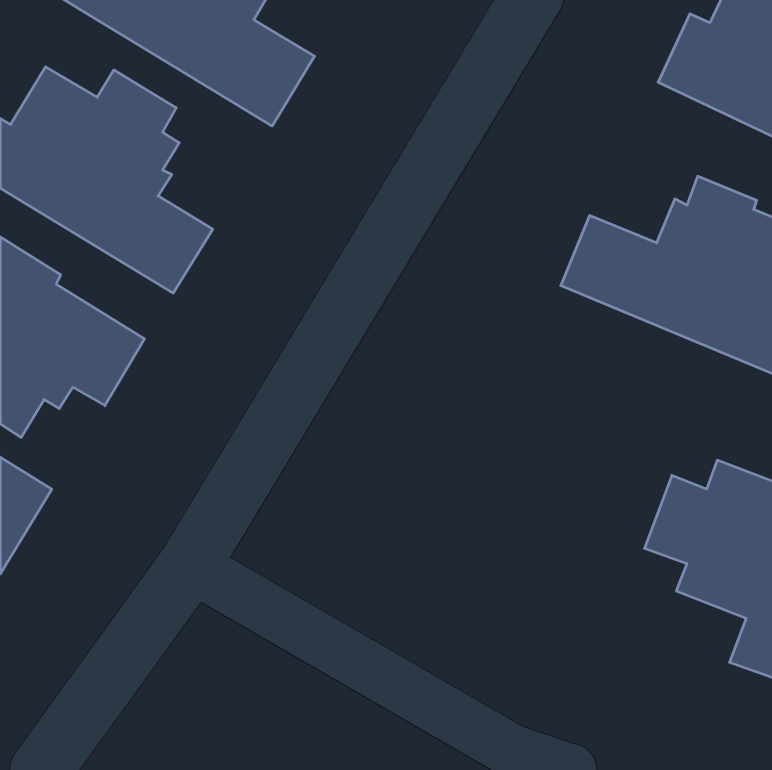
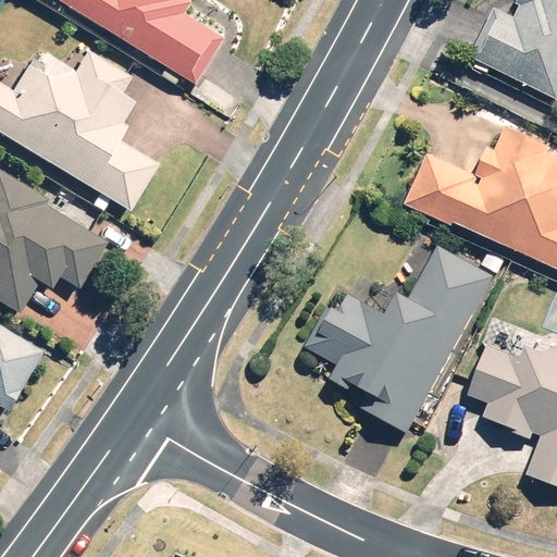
building: none -> [306,245,494,433]

